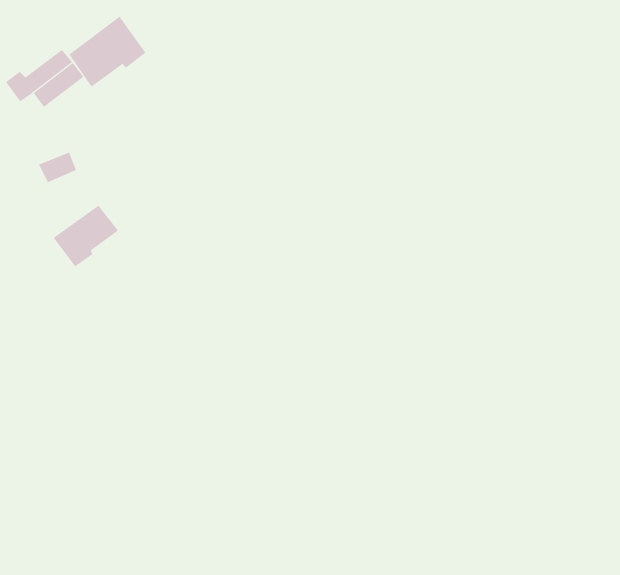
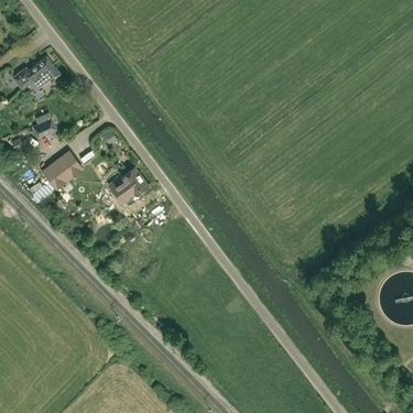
building: [68,16,146,88] -> none
building: none -> [108,167,150,206]

